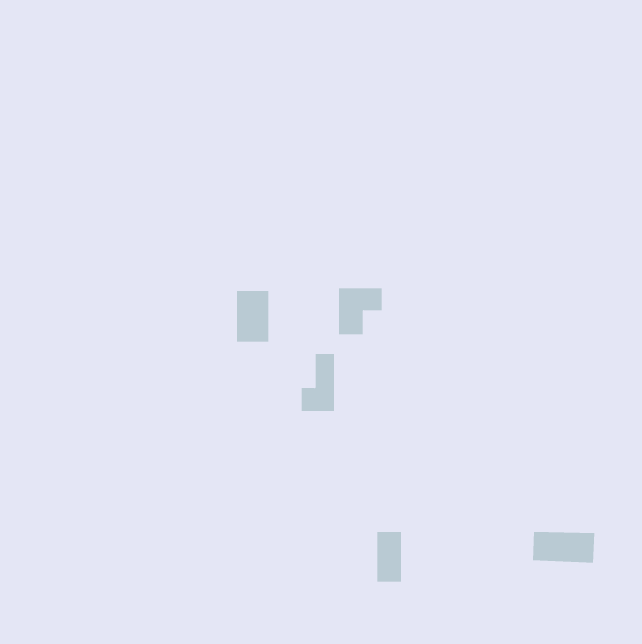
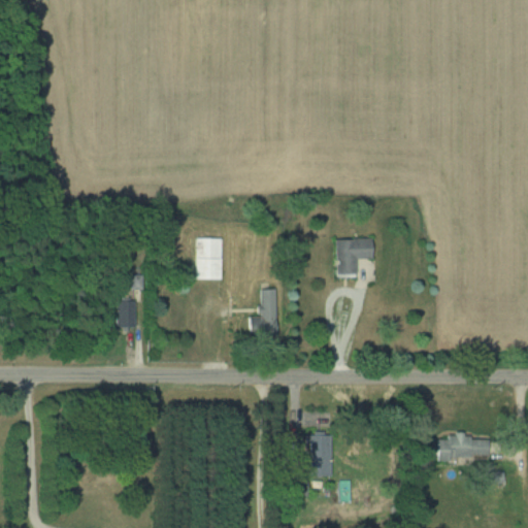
building: [338,288,383,335] -> [334,240,370,278]
building: none -> [117,301,135,328]

